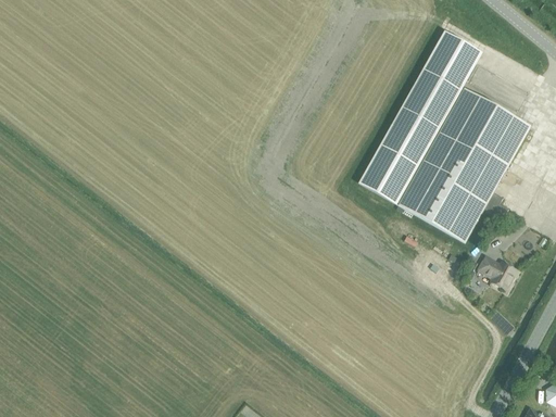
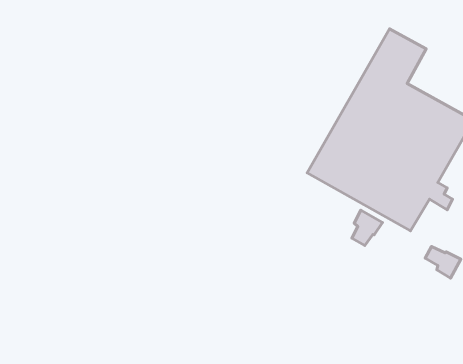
building: none -> [352,210,382,246]

